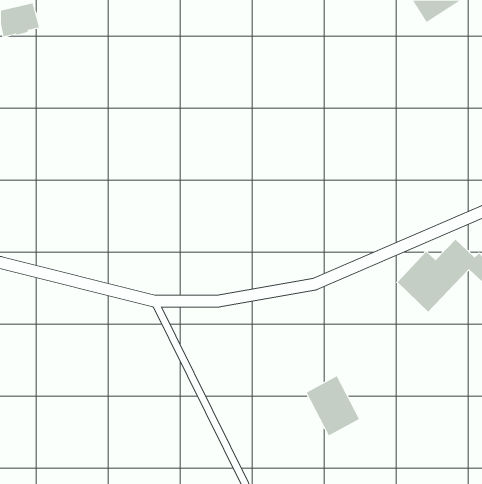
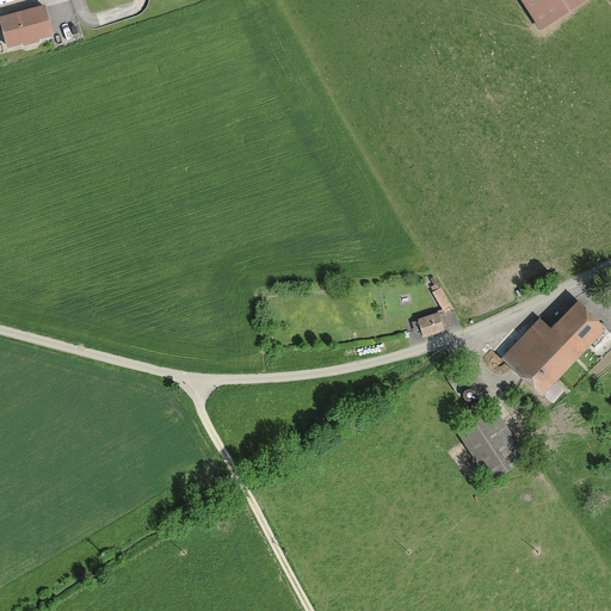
building: none -> [416,310,446,339]
building: [306,375,360,436] -> [458,408,526,485]

